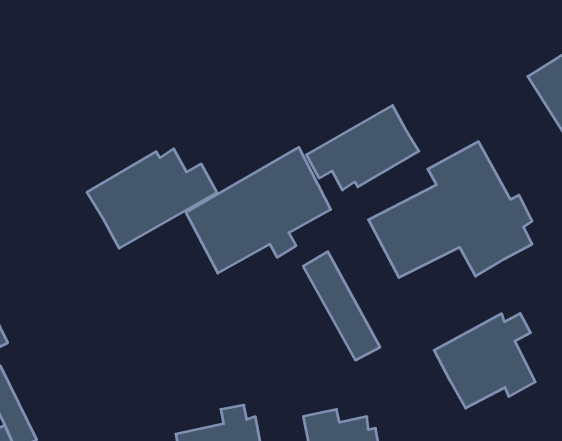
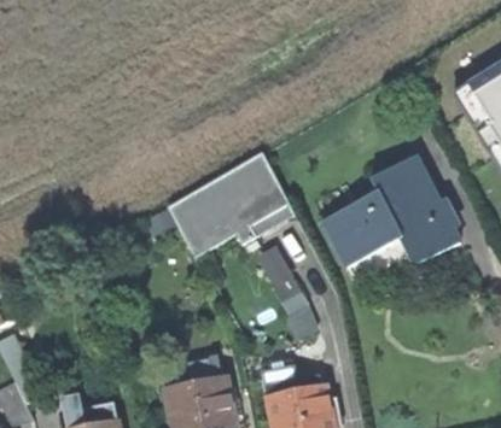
building: [306,105,419,190] -> none
building: [87,149,217,248] -> none
building: [434,313,535,408] -> none

